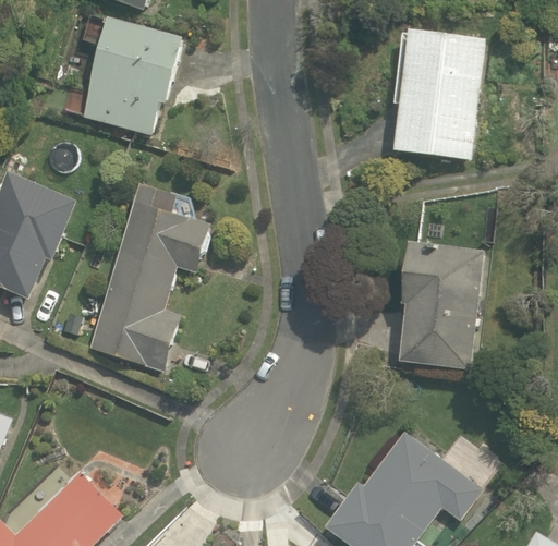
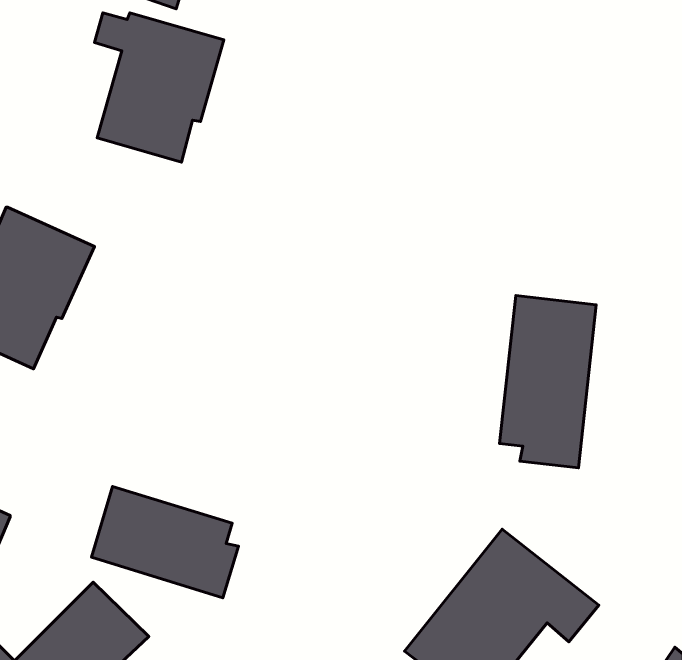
building: [391,25,487,160] -> none
building: [89,184,210,371] -> none
building: none -> [91,487,238,598]

